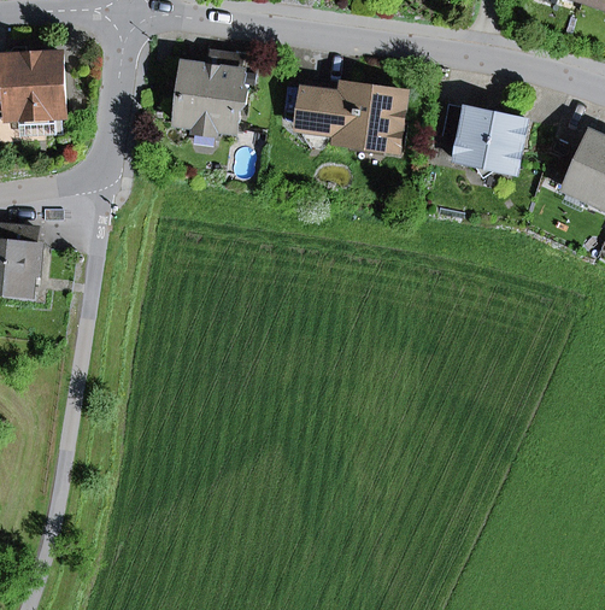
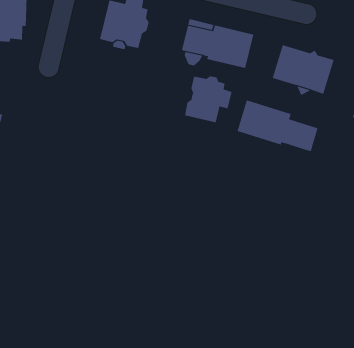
building: none -> [184,76,232,123]
building: none -> [237,100,318,152]

